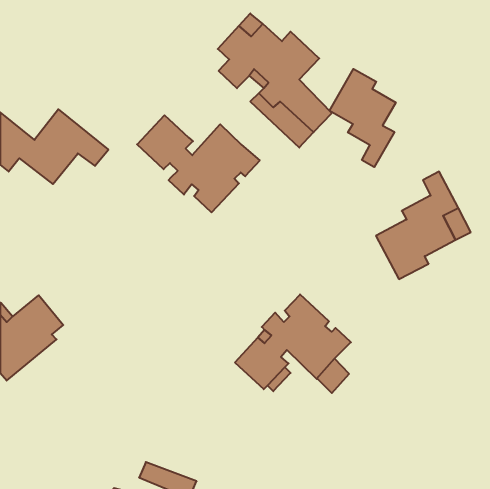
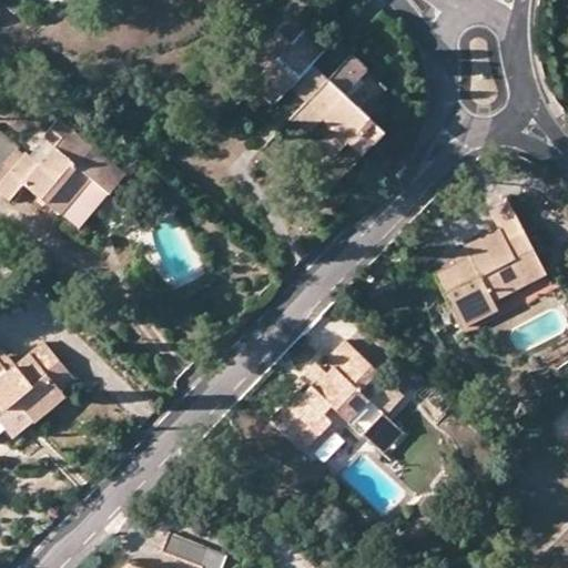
building: [329,69,396,167] -> none
building: [137,115,260,212] -> none
building: none -> [61,179,110,230]

